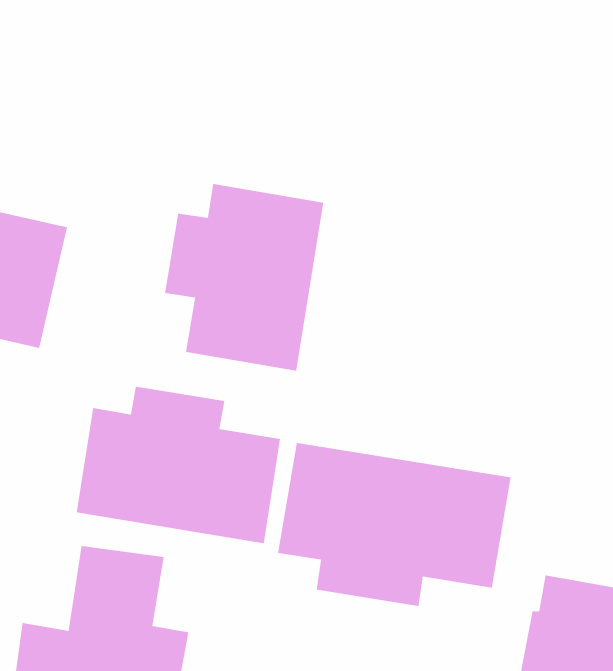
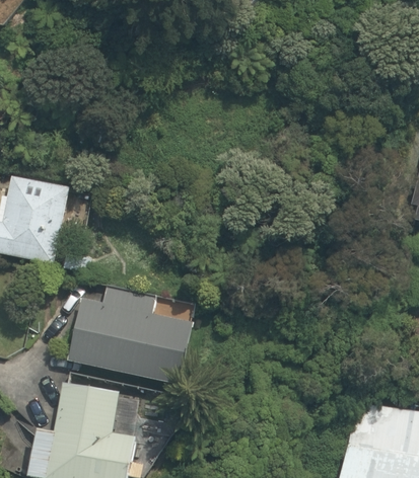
building: [165,183,324,371] -> none
building: [277,442,511,607] -> none

